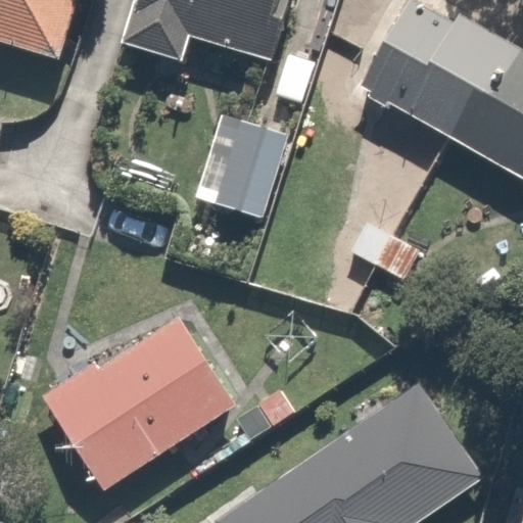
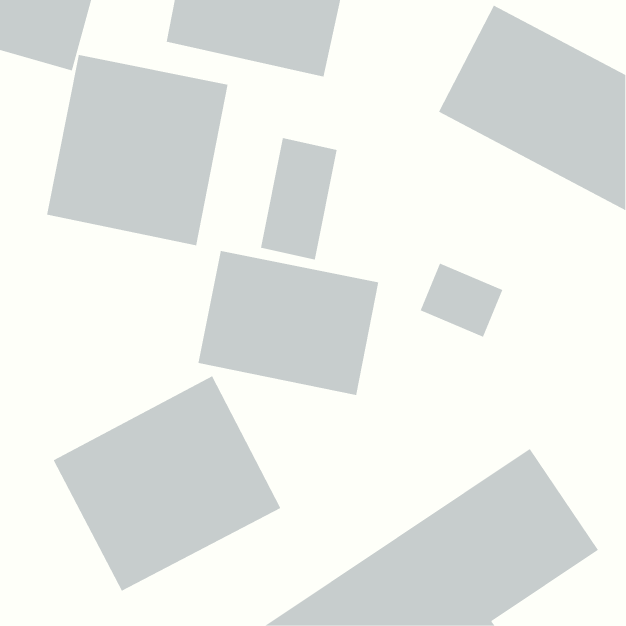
building: none -> [46,54,228,246]
building: none -> [198,250,379,396]

